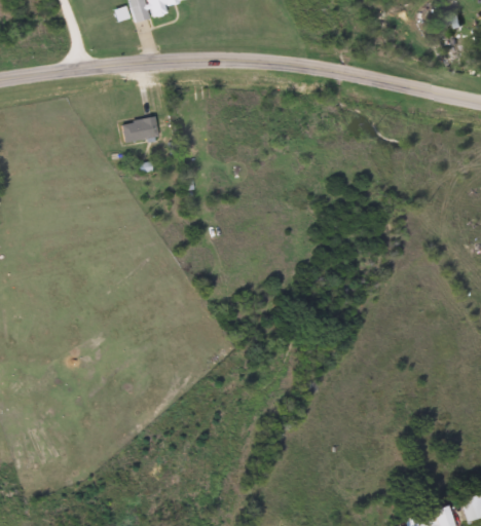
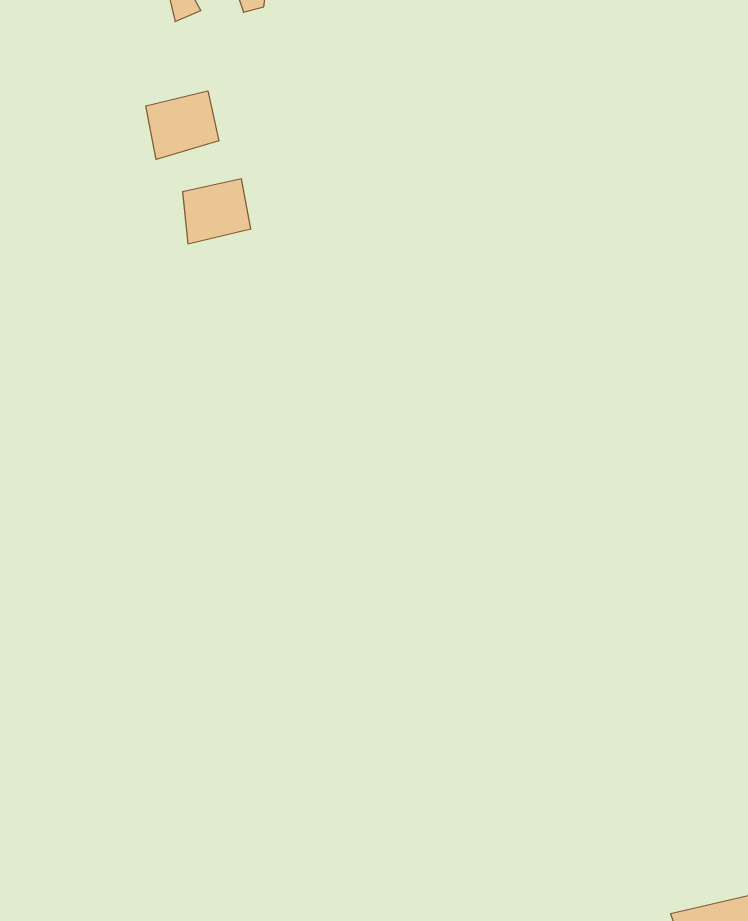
building: none -> [146,91,219,159]

